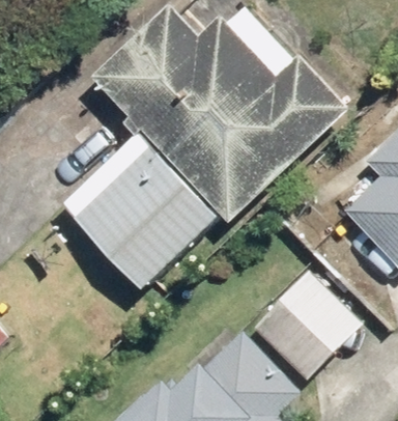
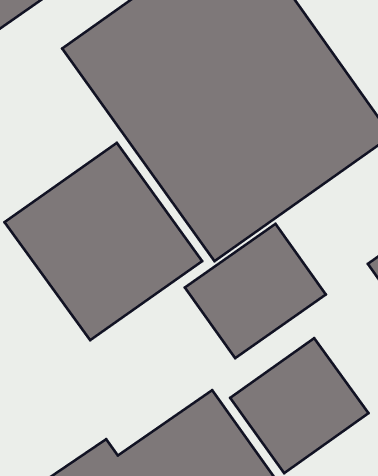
building: none -> [185,224,326,358]

